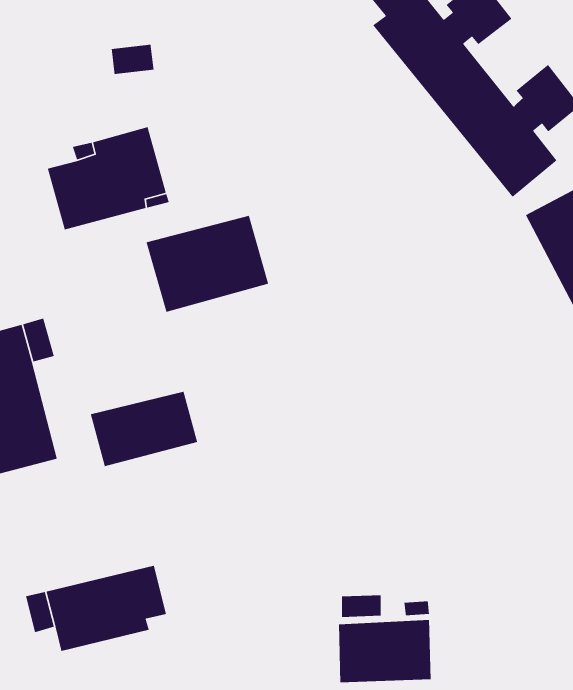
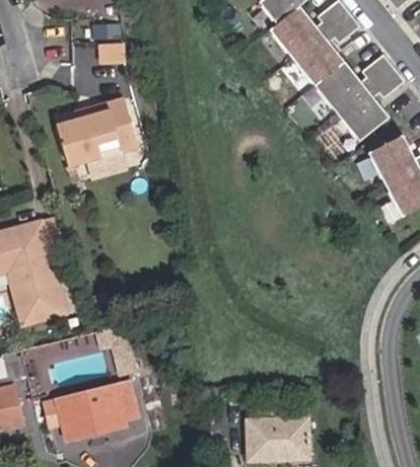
building: [146,215,269,313] -> none
building: [90,391,198,467] -> none

